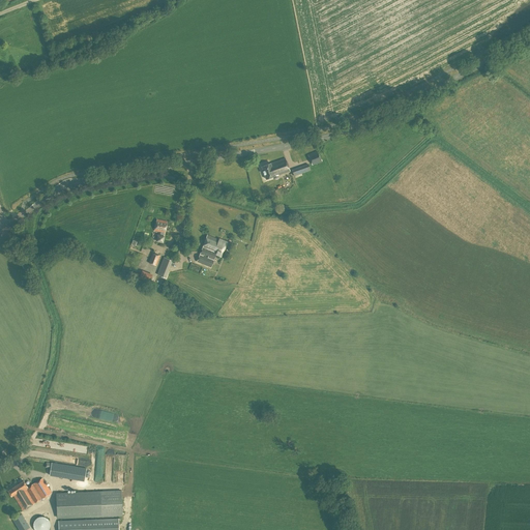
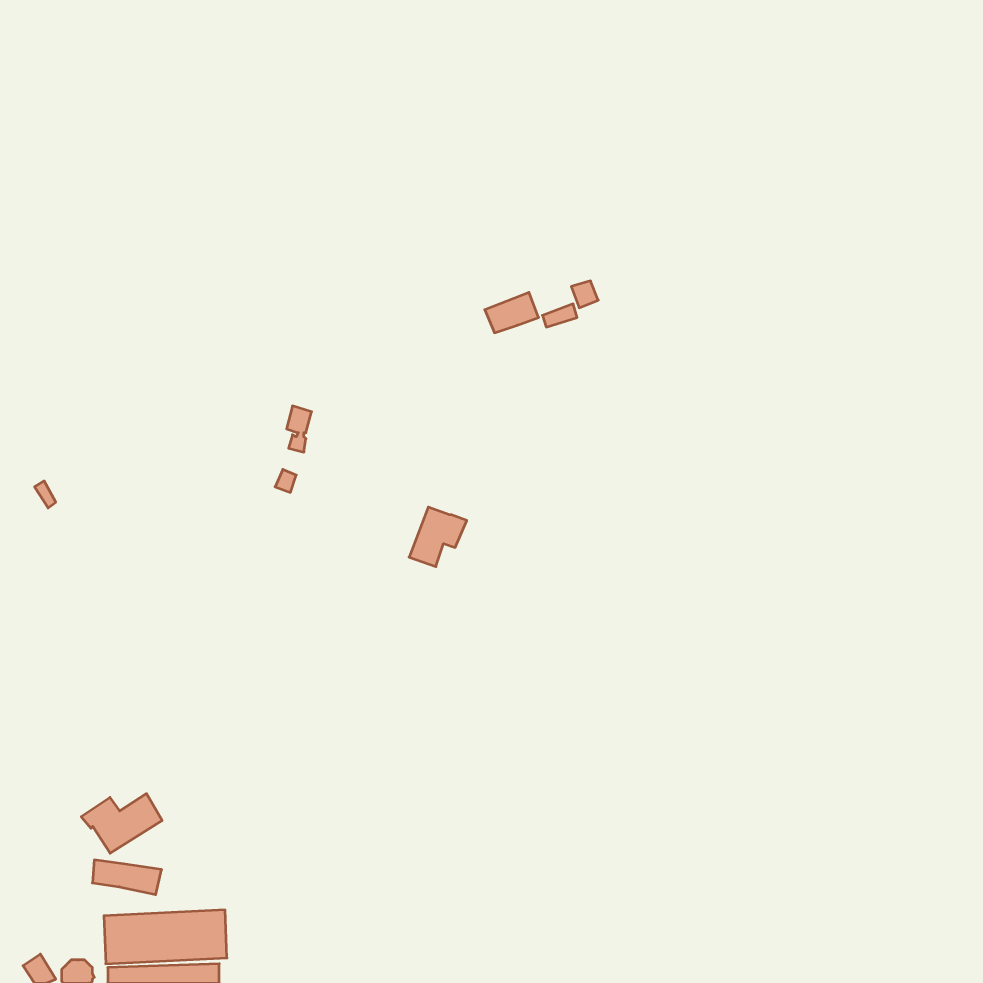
building: [197,235,228,267] -> [409,507,467,567]
building: [7,478,51,510] -> [81,794,162,853]

